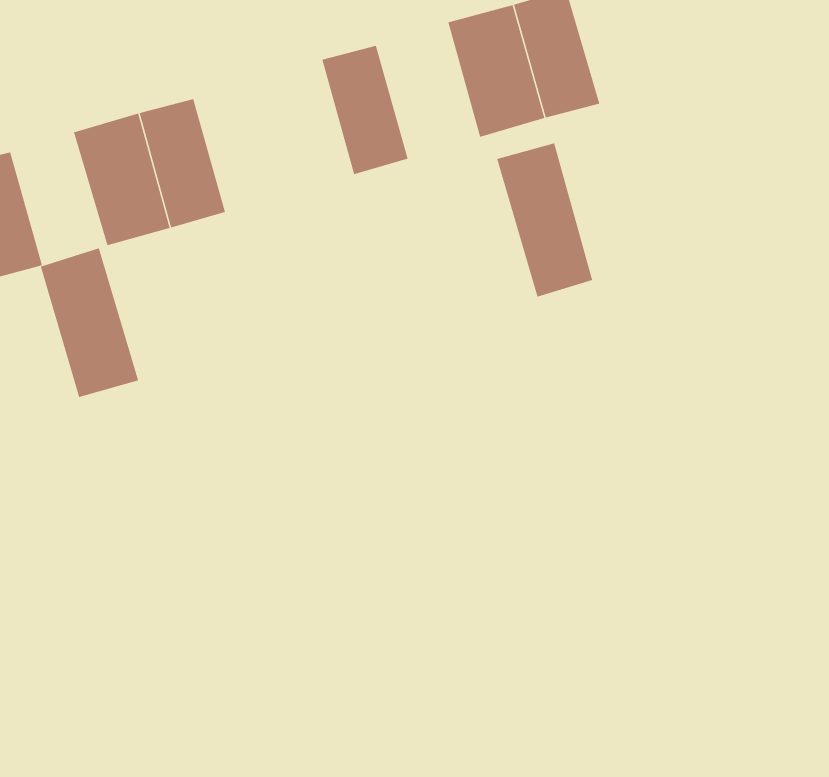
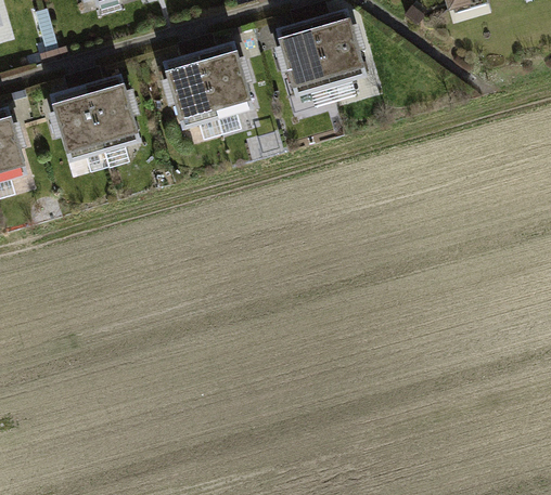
building: none -> [161,54,220,135]
building: [497,143,593,298] -> none
building: [40,247,139,398] -> none

